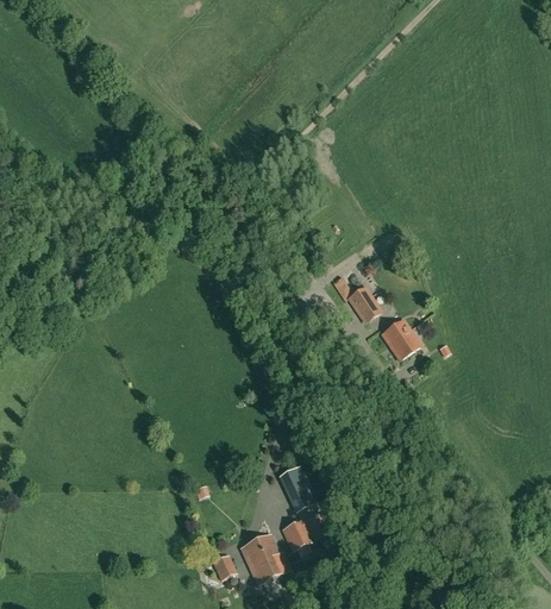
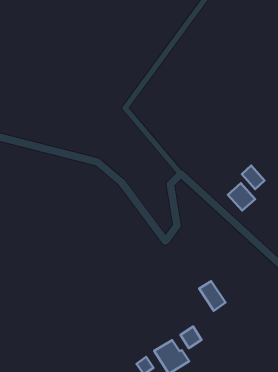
building: [347,285,380,321] -> [242,165,265,189]
building: [281,466,317,510] -> [199,281,226,311]

